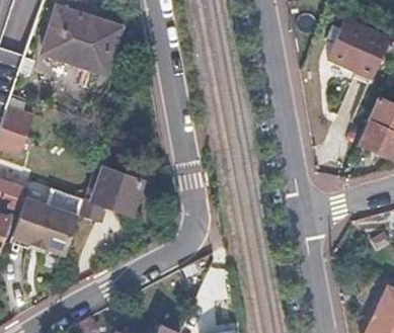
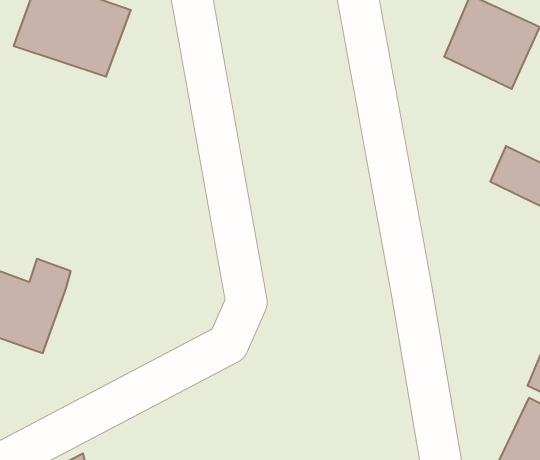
building: [80,164,142,219] -> none

